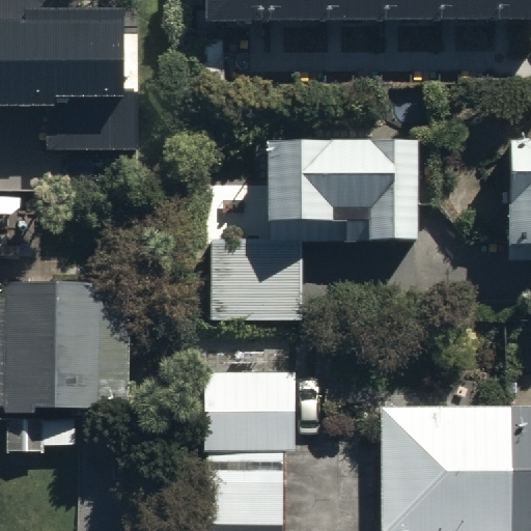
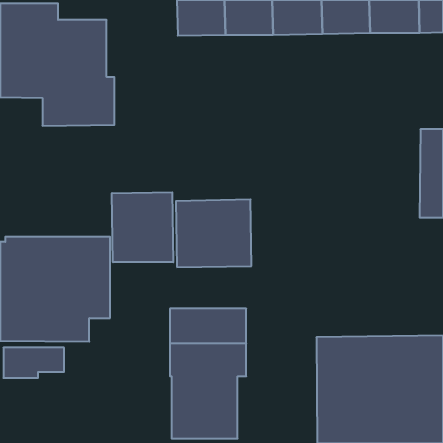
building: [267,131,418,242] -> none
building: none -> [112,192,173,262]

